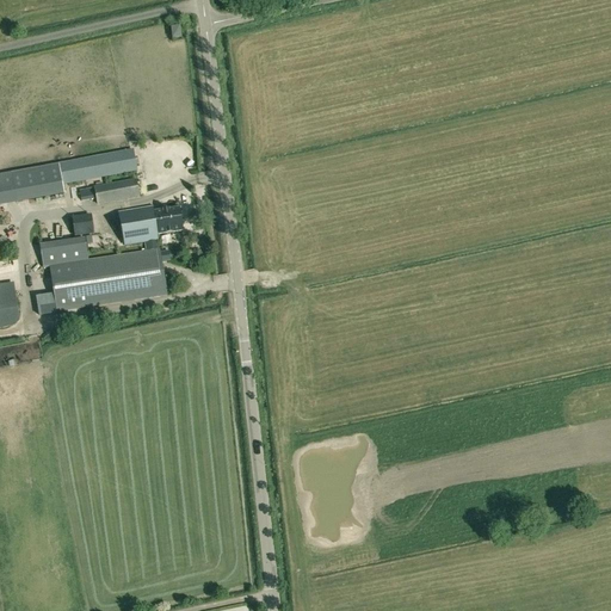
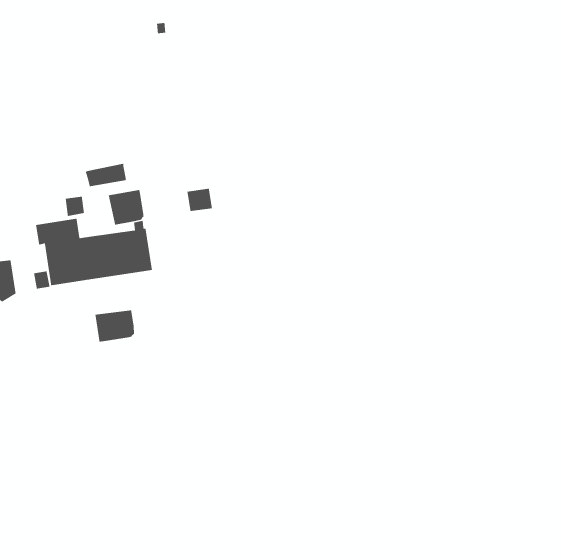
building: [11,149,134,200] -> none
building: [153,206,181,233] -> [187,188,213,212]
building: none -> [94,309,135,342]

